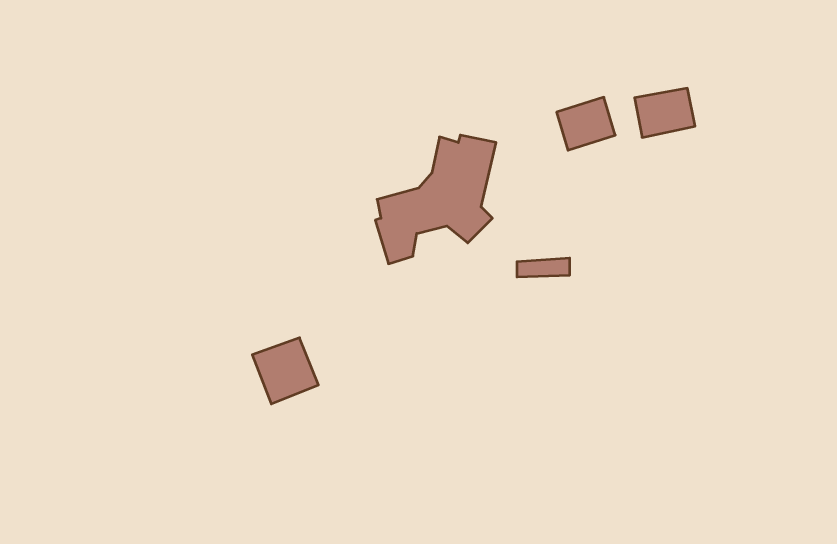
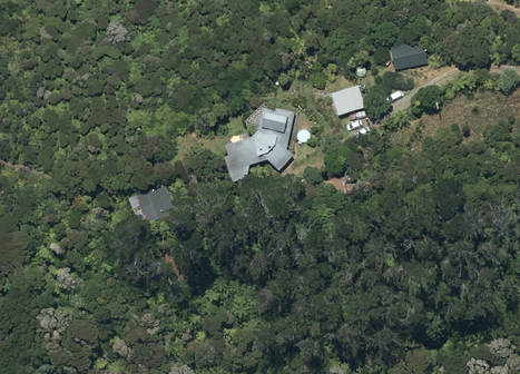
building: [635,88,695,137] -> [396,39,432,68]
building: [252,338,318,404] -> [135,186,174,225]

